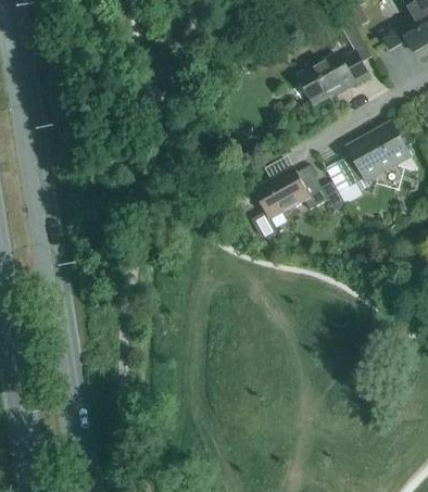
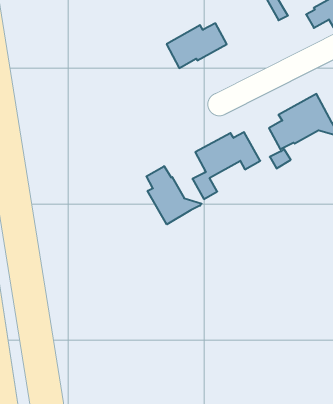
building: [301,51,369,102] -> [167,23,227,68]
building: none -> [146,166,202,224]

